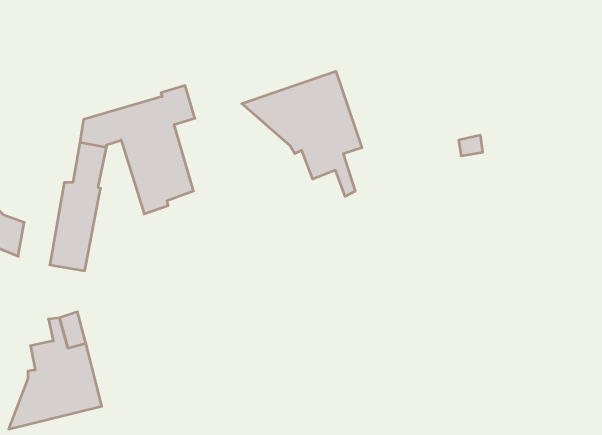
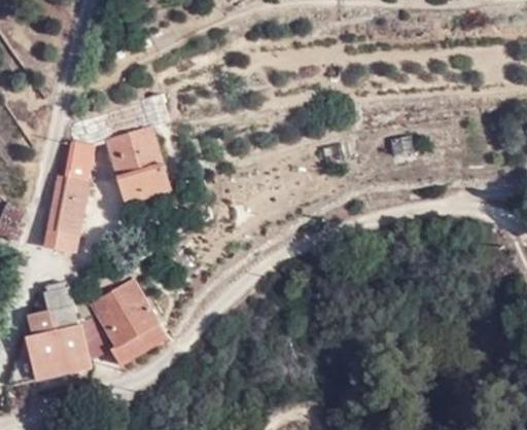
building: [242,71,362,196] -> none
building: none -> [92,282,166,365]

